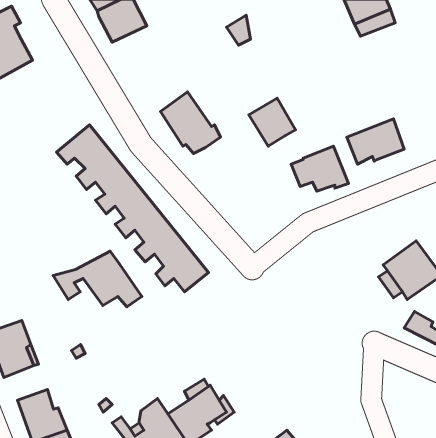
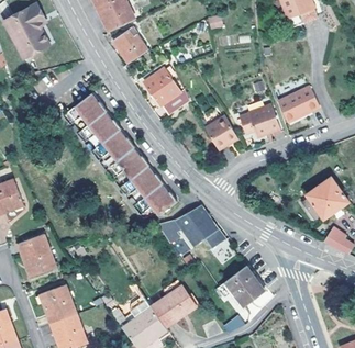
building: none -> [113,31,148,63]
building: [249,98,295,146] -> [204,116,238,151]
building: [53,251,142,307] -> [158,205,223,246]
building: none -> [224,265,265,305]

